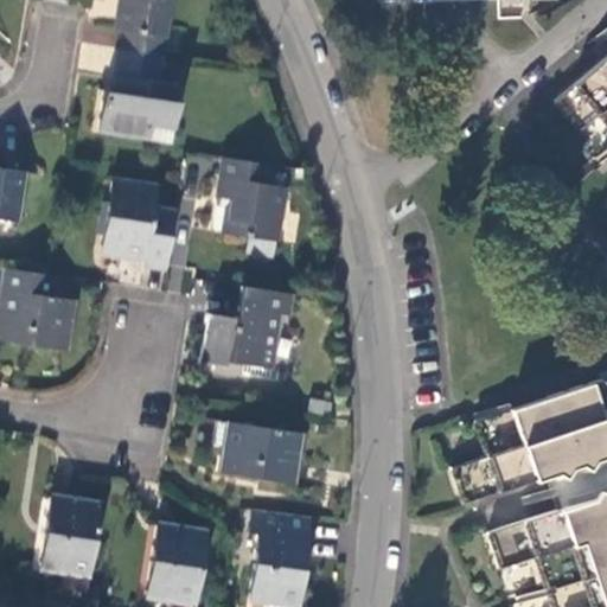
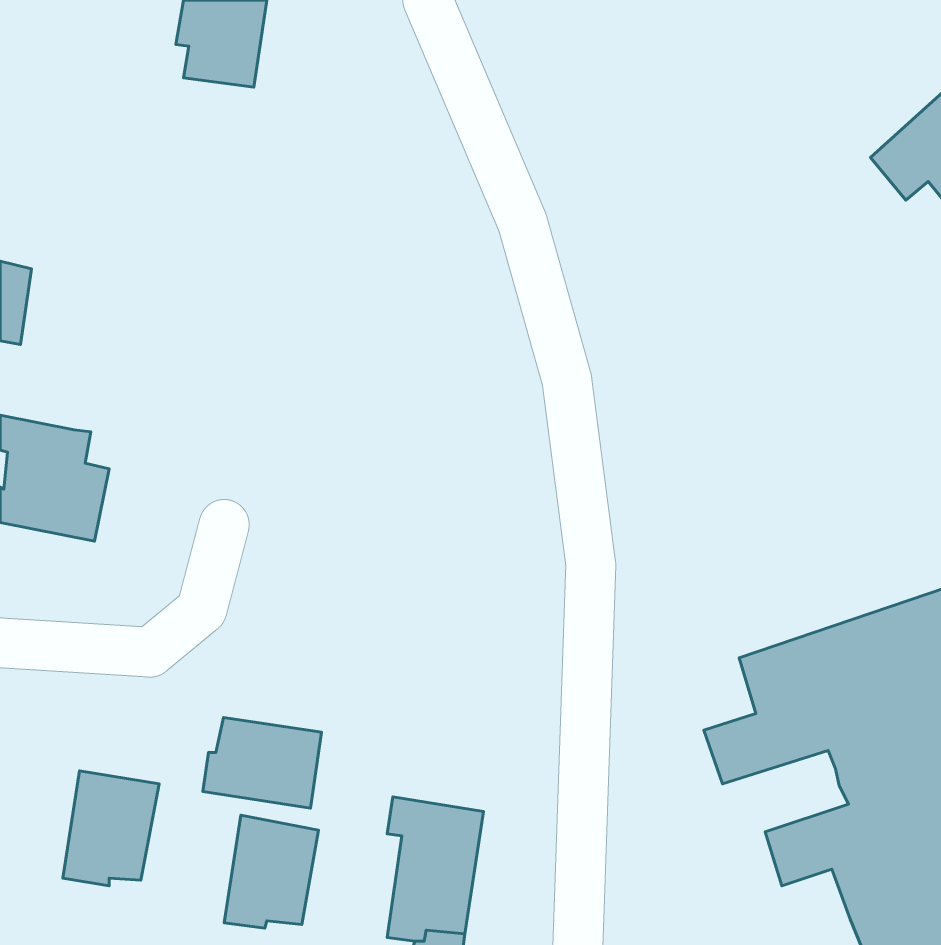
building: [101,51,178,142] -> none
building: [218,155,288,242] -> none
building: [103,186,178,269] -> none
building: [206,286,296,369] -> none
building: [225,428,301,486] -> [203,717,322,808]

